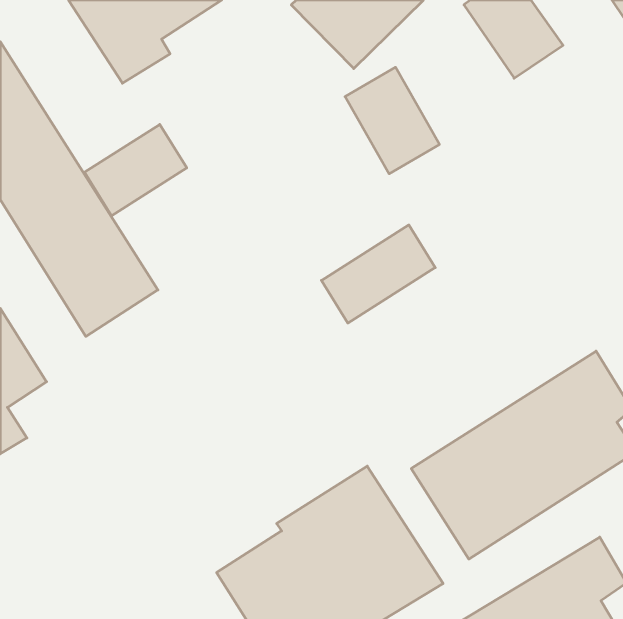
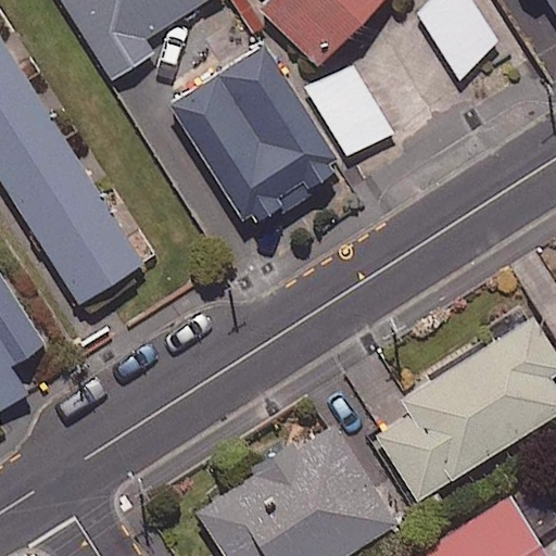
building: none -> [169,45,342,228]
building: [84,124,187,216] -> none
building: [321,225,435,323] -> none

